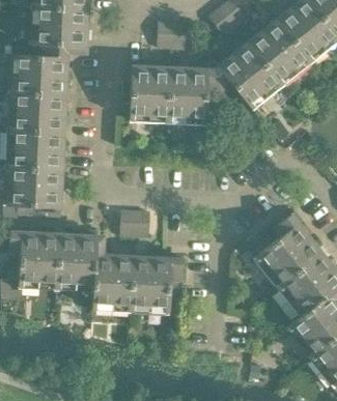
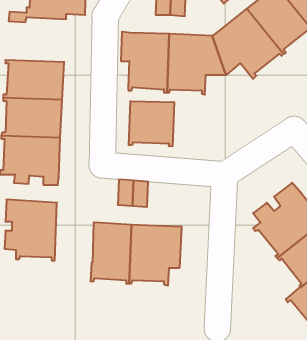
building: [8,50,68,94] -> none
building: none -> [129,101,174,146]
building: [57,233,97,292] -> none

